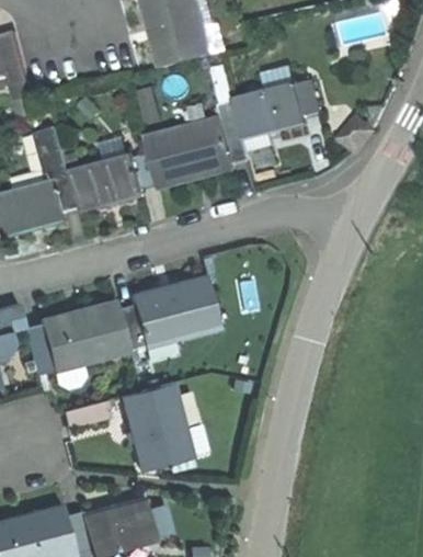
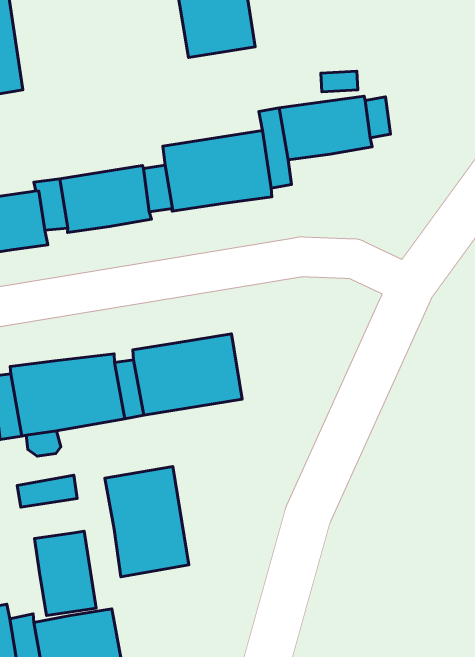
building: [32,128,66,182] -> none
building: none -> [35,531,96,615]

